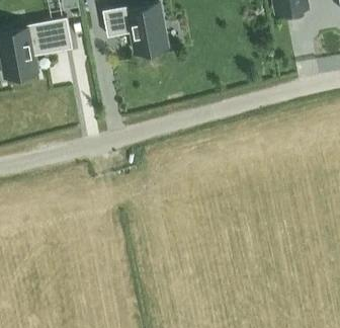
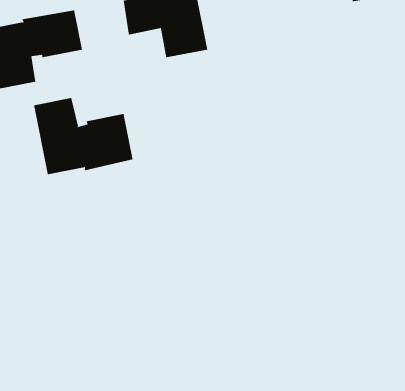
building: none -> [33,97,133,175]

